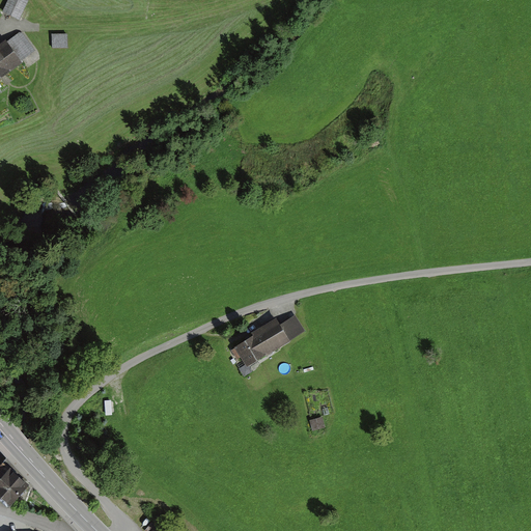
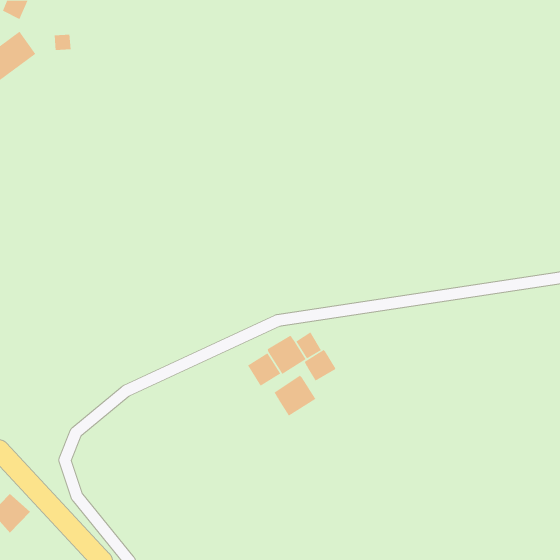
building: none -> [304,349,336,382]
building: none -> [274,375,316,416]

